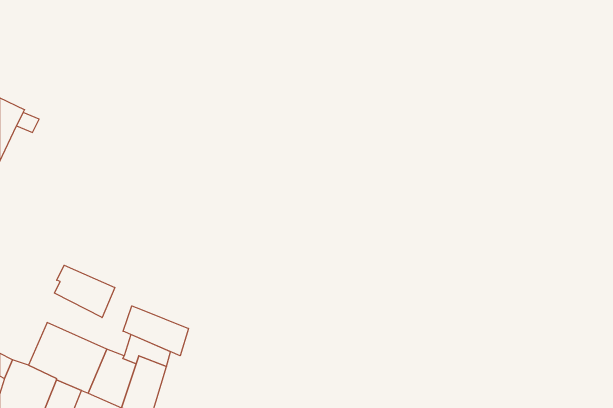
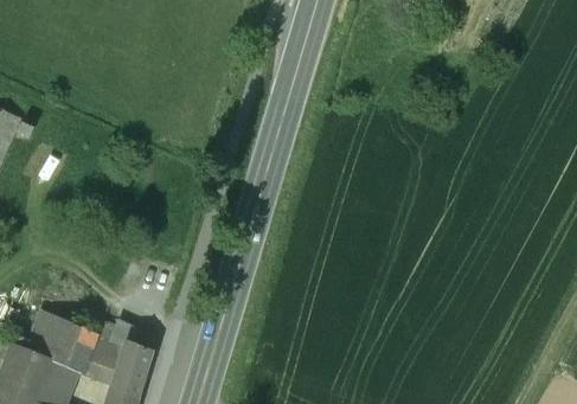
building: [55,265,115,318] -> none
building: [123,306,188,356] -> none

